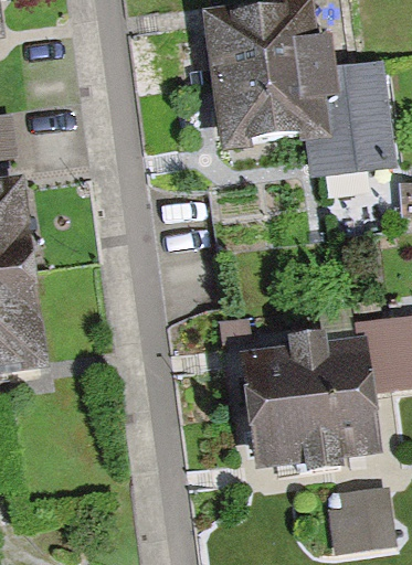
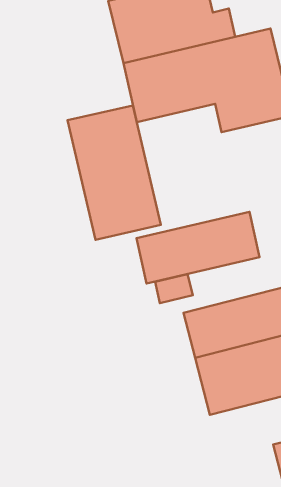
building: none -> [68,105,161,240]
building: none -> [136,212,260,284]

